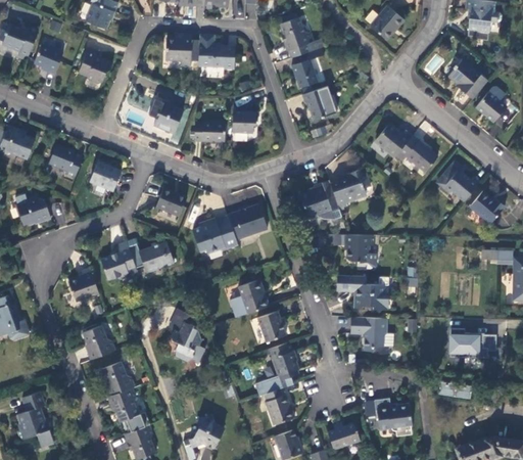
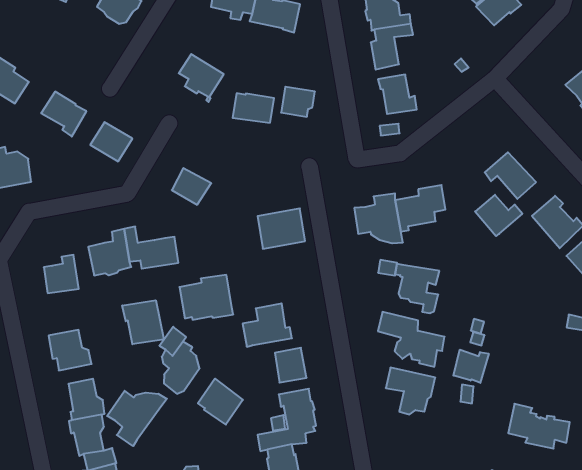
building: [376,124,413,155] -> [475,195,522,236]
building: [193,216,238,255] -> [179,275,233,320]
building: none -> [453,350,489,383]
building: none -> [122,300,164,344]
building: none -> [198,379,243,425]
building: none -> [107,391,167,446]

